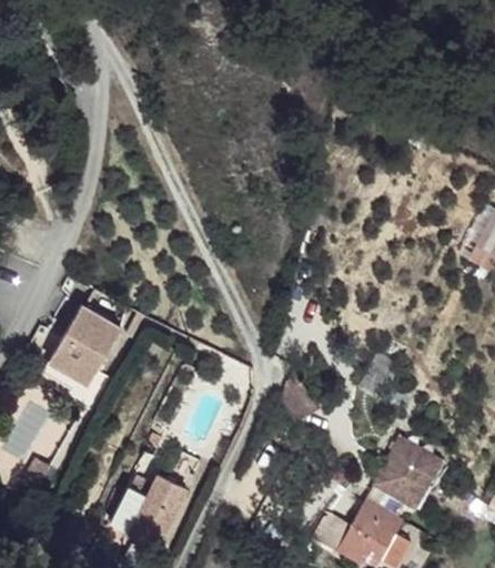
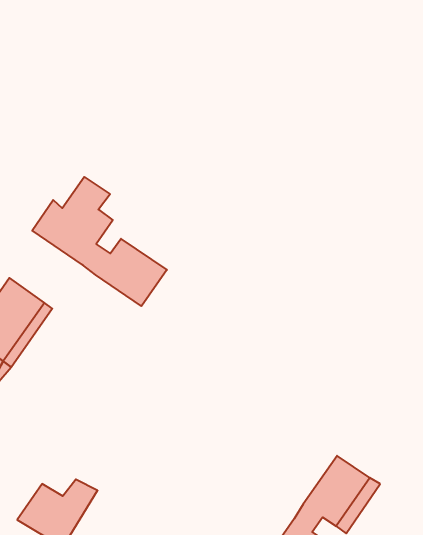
building: none -> [32,177,167,306]

